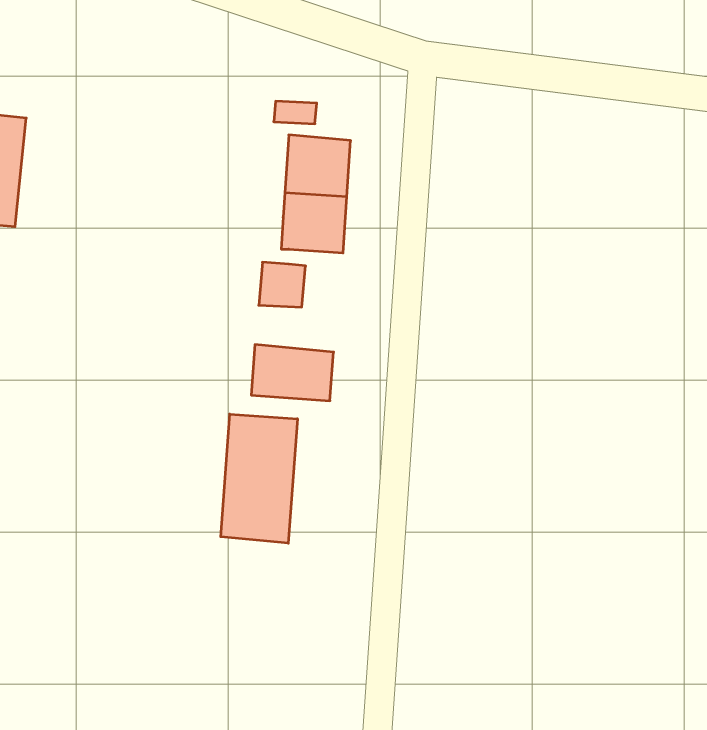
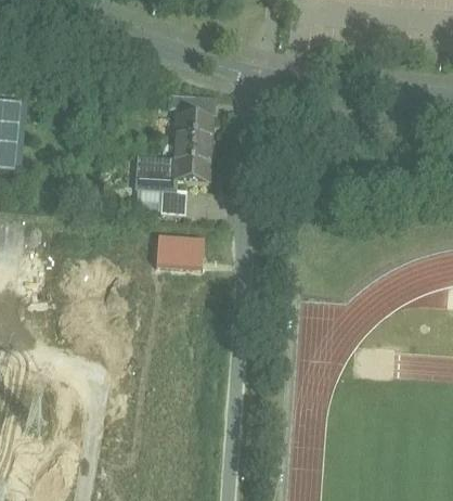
building: none -> [138,158,177,188]
building: [221,414,297,543] -> none

